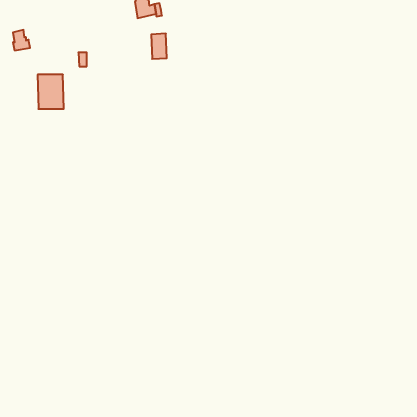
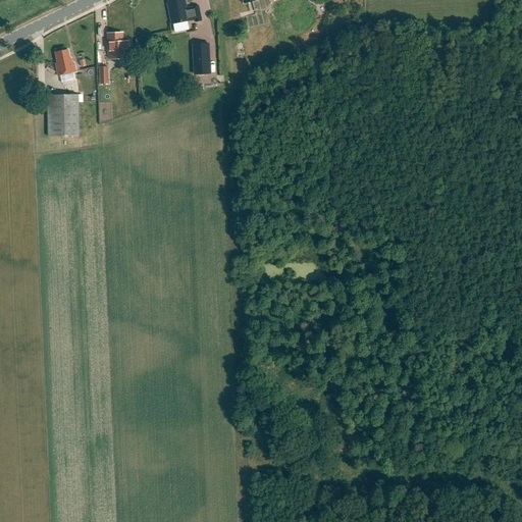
building: none -> [107,32,127,57]
building: [13,30,30,50] -> [55,47,76,72]

